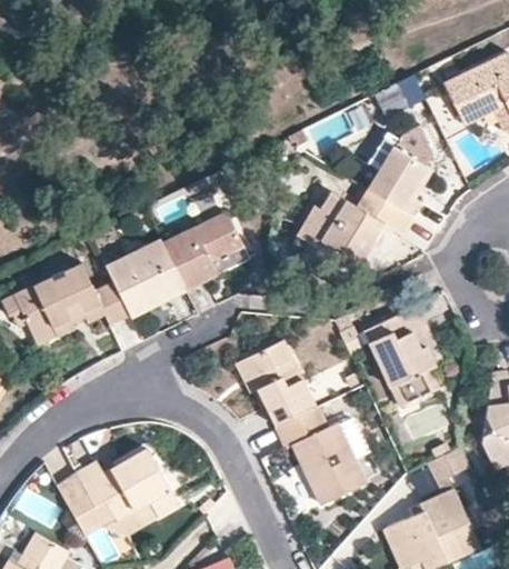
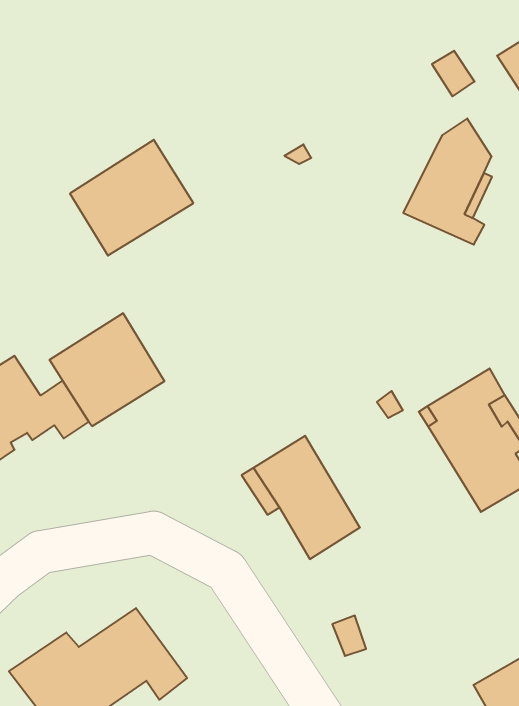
building: [297,188,415,262] -> none
building: [163,211,250,290] -> [70,140,193,256]
building: [276,406,365,502] -> none

